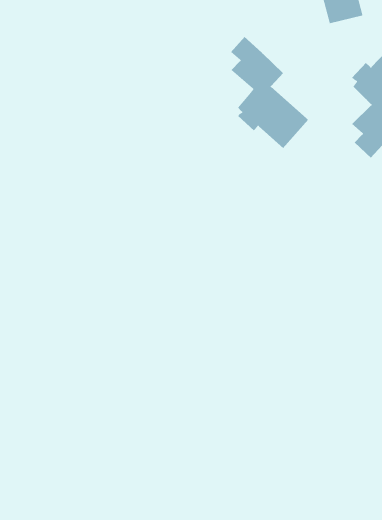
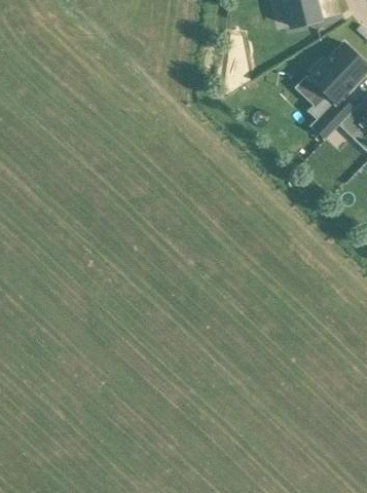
building: [230,36,309,149] -> none

